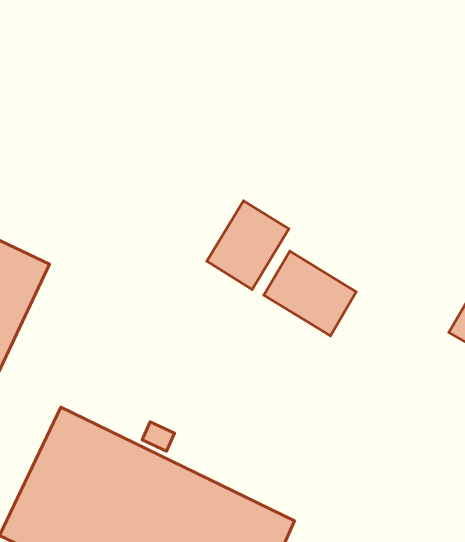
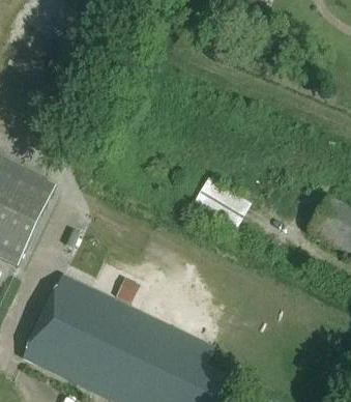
building: [207,201,289,289] -> none

